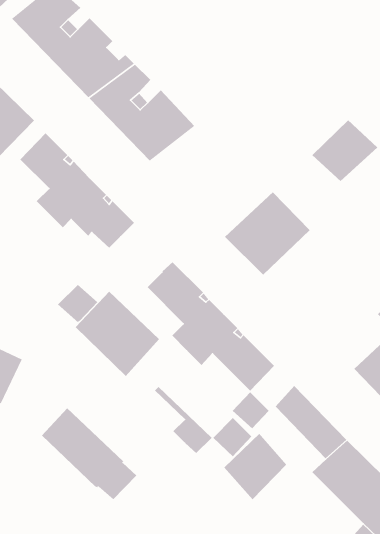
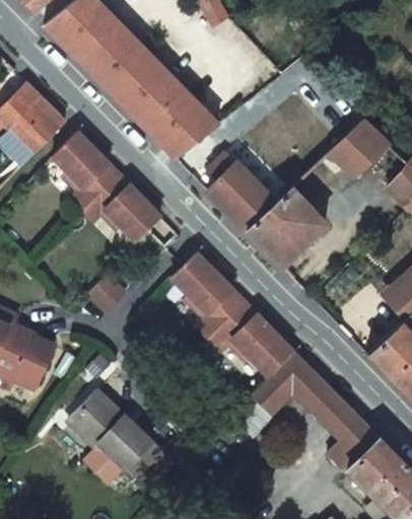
building: none -> [208,153,274,230]
building: [75,291,160,377] -> none
building: none -> [270,352,312,394]
building: [154,386,212,454] -> [69,418,124,481]
building: [224,433,287,500] -> none

